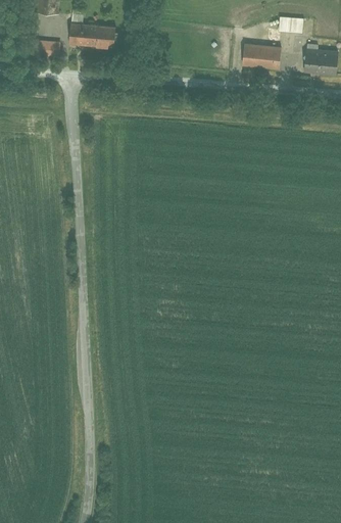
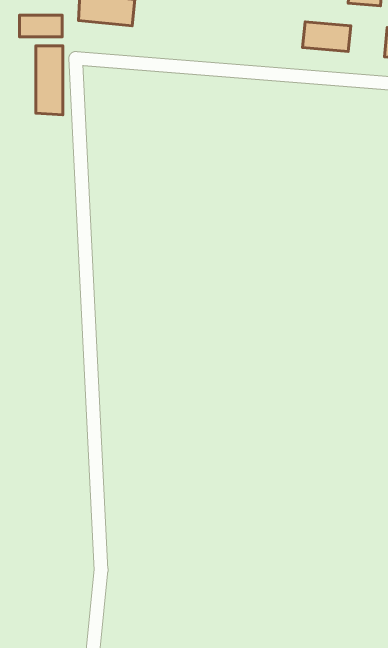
building: none -> [36,46,63,115]

